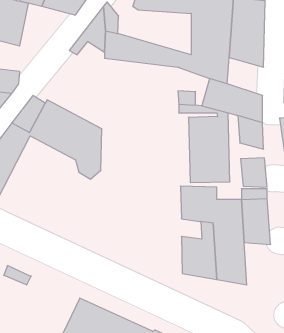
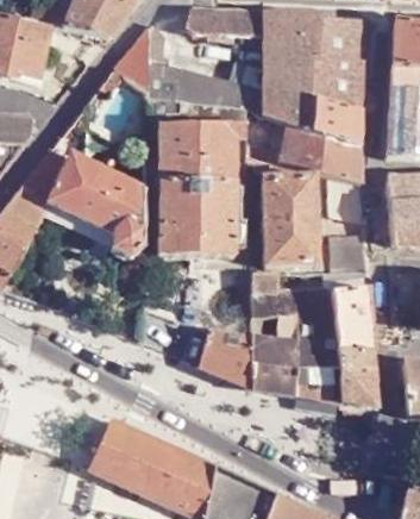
building: none -> [314,95,363,146]
building: none -> [159,123,249,257]
building: none -> [200,329,253,387]
building: none -> [337,345,376,408]

